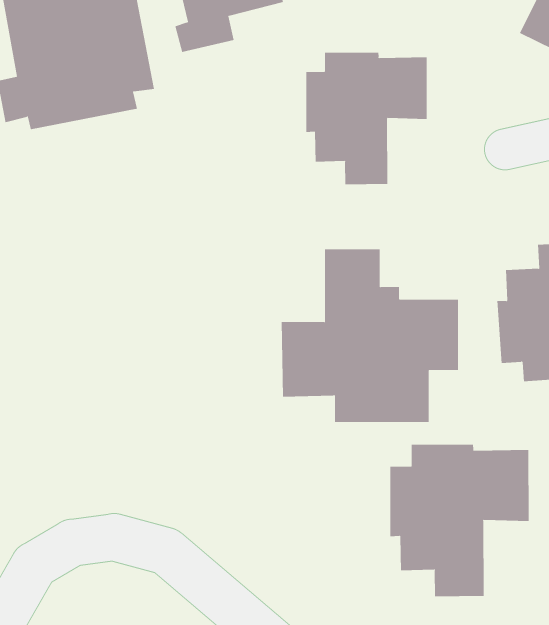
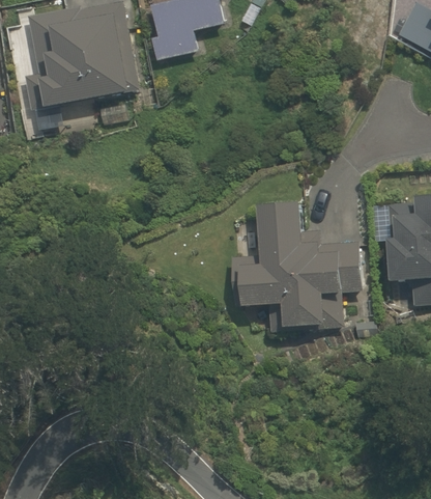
building: [306,52,427,185] -> none
building: [390,444,529,597] -> none

